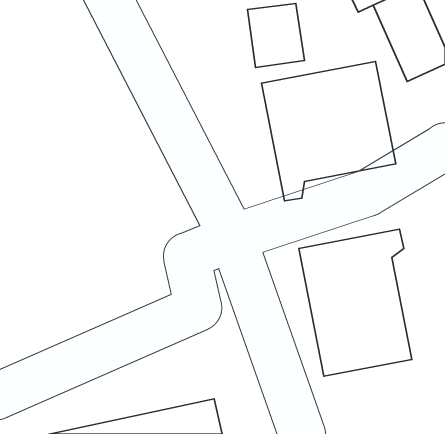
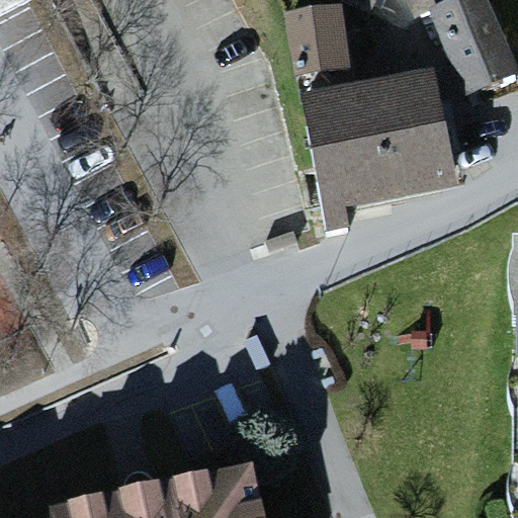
building: [299,229,412,376] -> none

